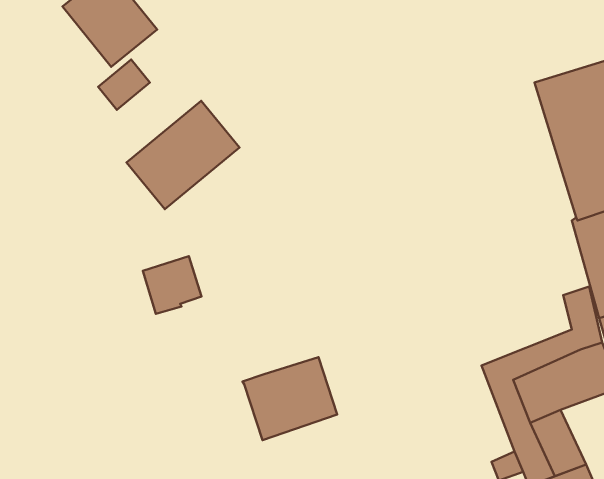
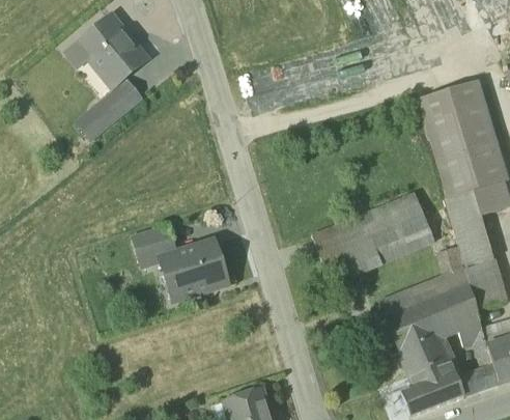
building: none -> [77,101,116,138]
building: [127,101,239,209] -> none
building: none -> [311,192,433,287]
building: [243,357,337,440] -> [162,240,230,300]

